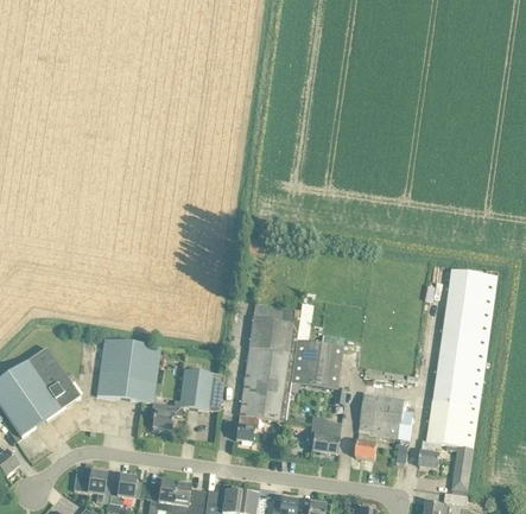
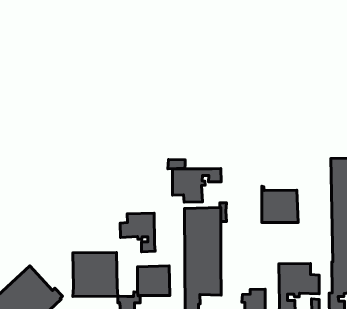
building: none -> [173,168,221,202]
building: none -> [120,213,155,252]
building: [291,334,342,387] -> [262,186,298,223]

